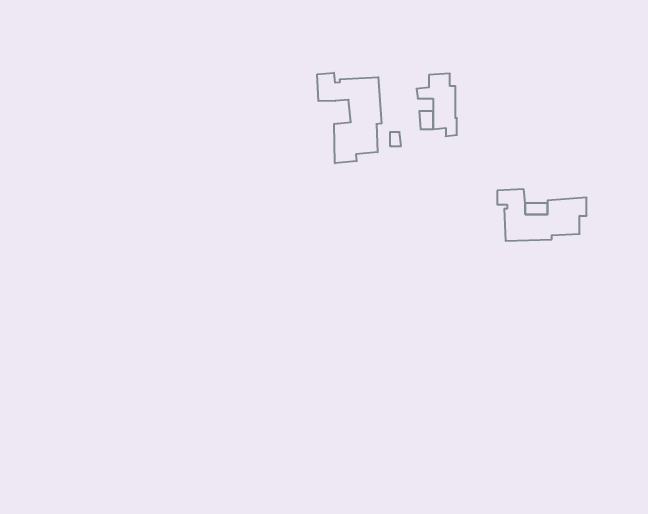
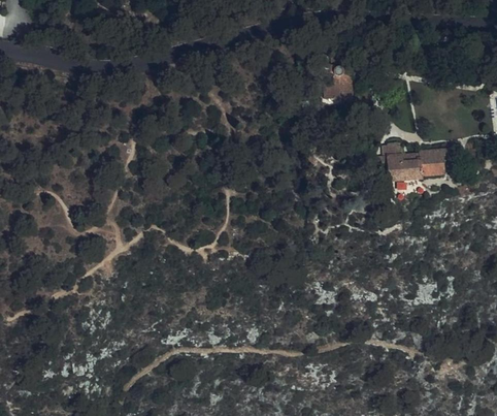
building: [317,73,381,163] -> none

